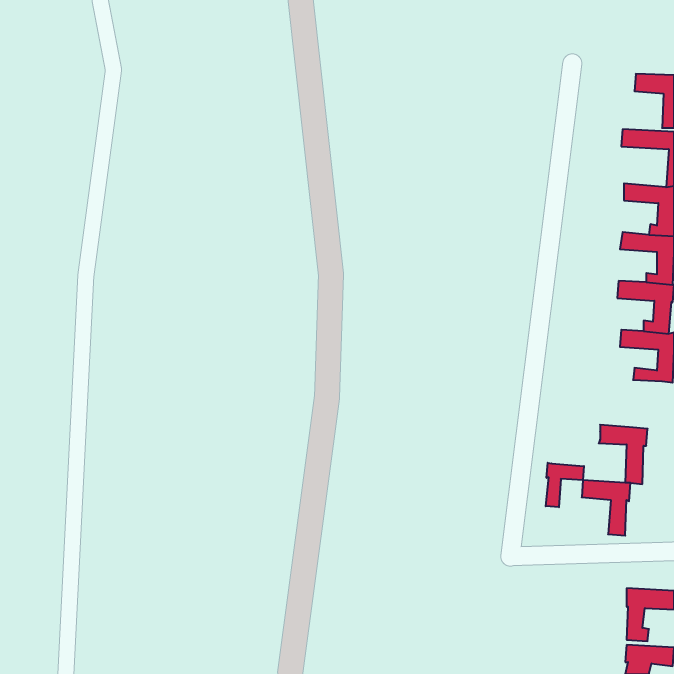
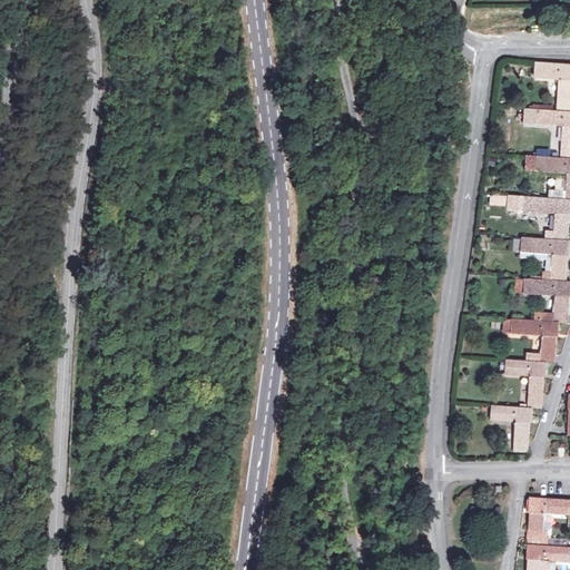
building: none -> [512,318,559,362]
building: [546,463,584,507] -> none

